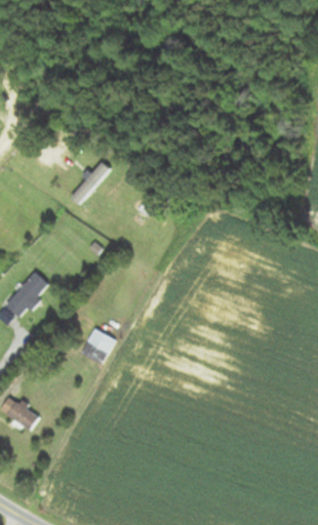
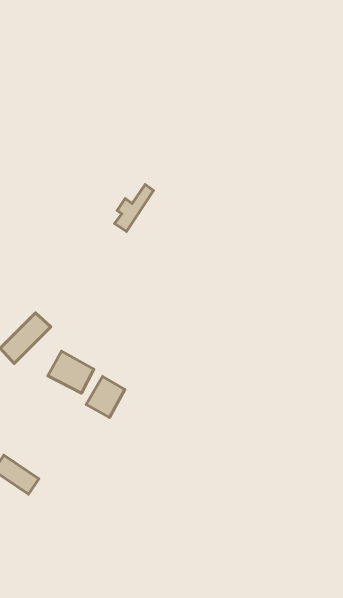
building: [73,163,107,204] -> [115,185,154,232]
building: none -> [48,351,94,393]

